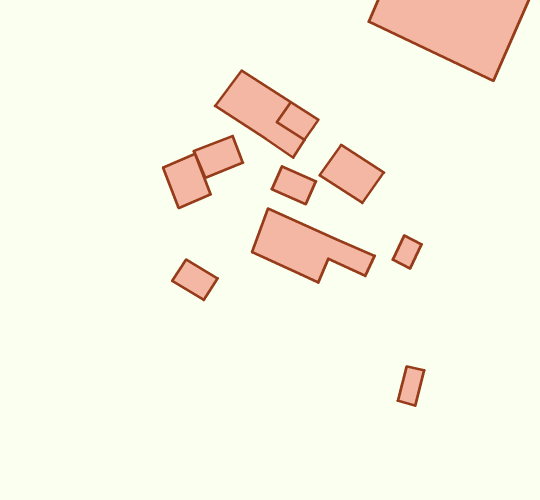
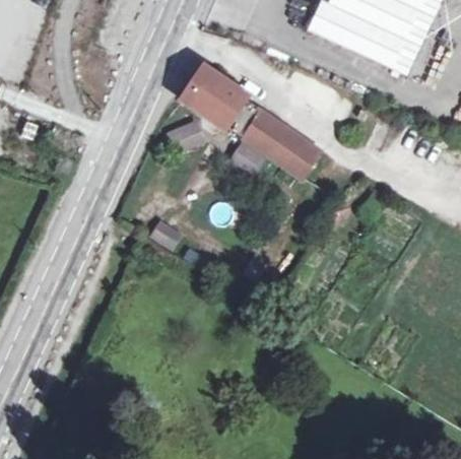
building: none -> [247,114,285,152]
building: [163,154,211,208] -> none
building: [252,209,375,283] -> none

